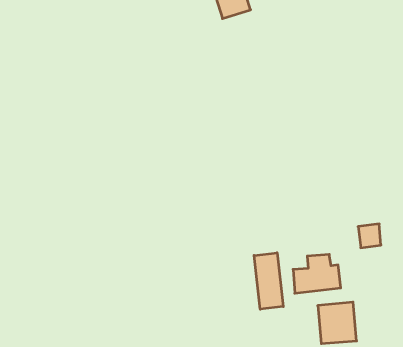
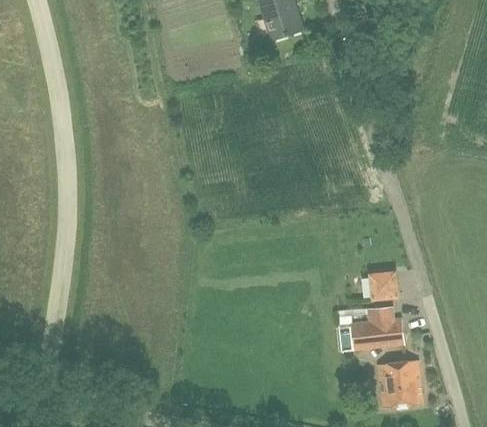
building: [358,224,381,248] -> [370,272,396,299]
building: [254,253,283,309] -> none

